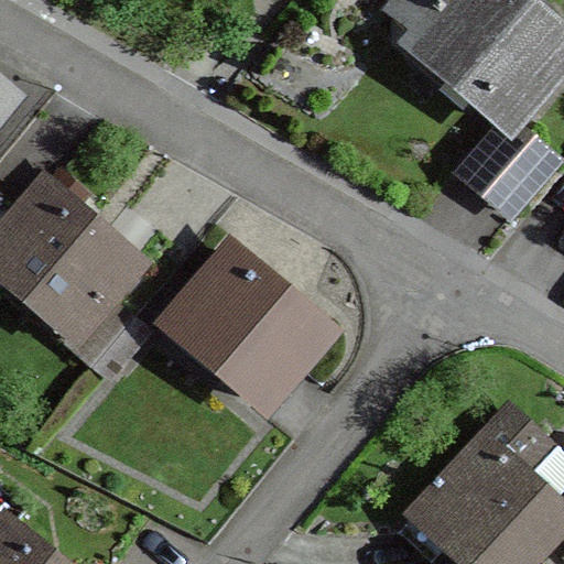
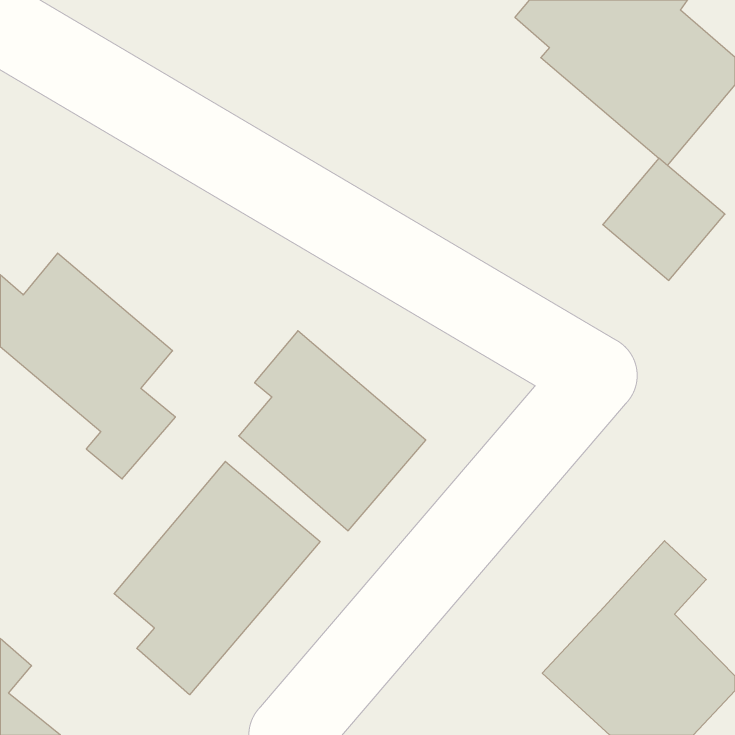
building: none -> [114,461,320,695]

